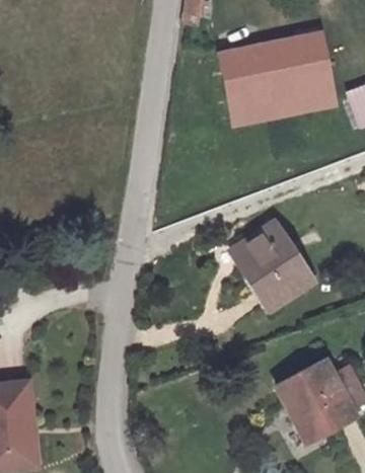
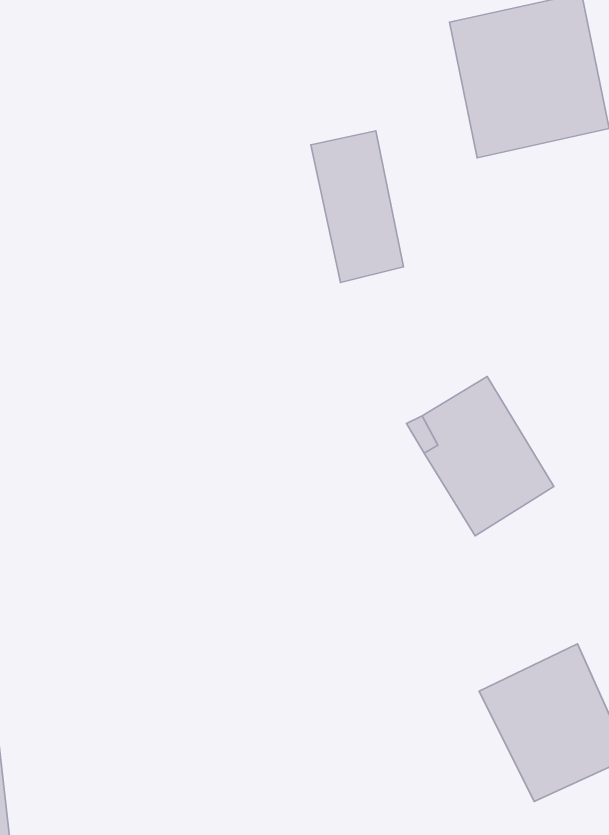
building: [225,37,273,115] -> [311,131,403,282]

